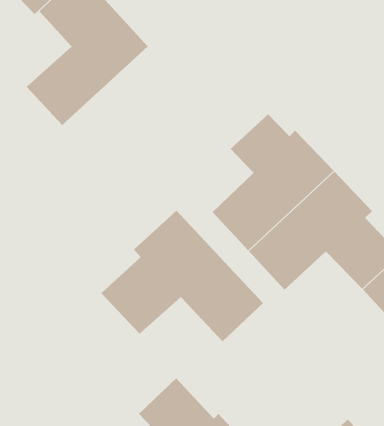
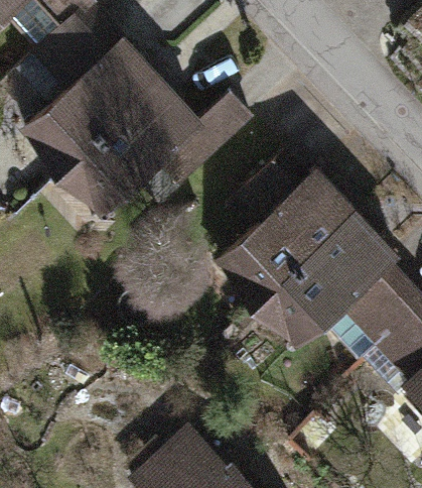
building: none -> [69,84,250,209]
building: [101,210,264,342] -> none

